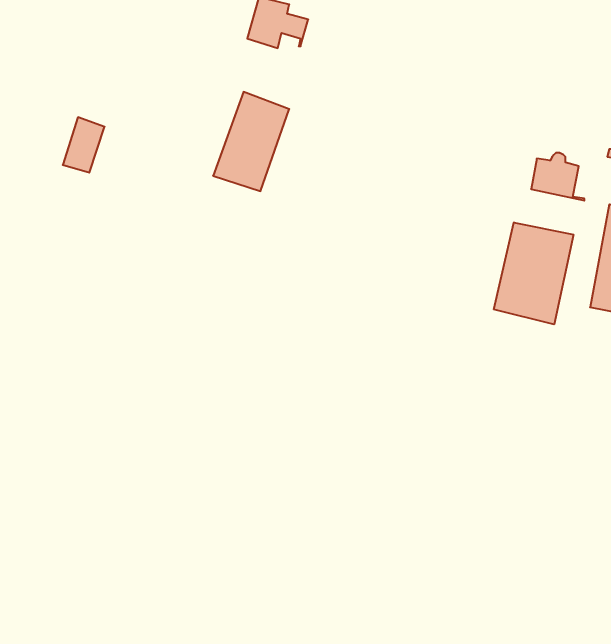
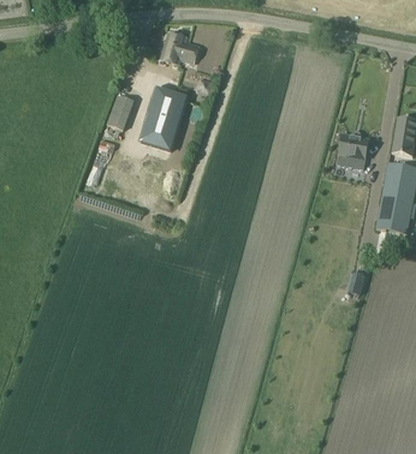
building: [63,117,105,173] -> [107,94,133,129]
building: [494,222,573,324] -> none

